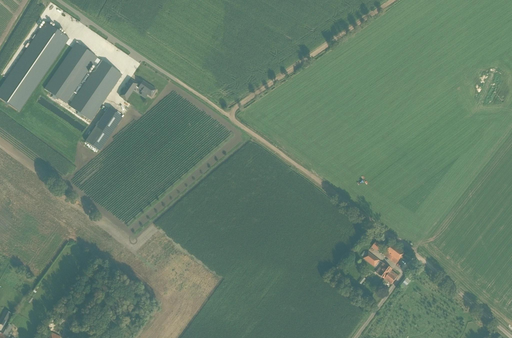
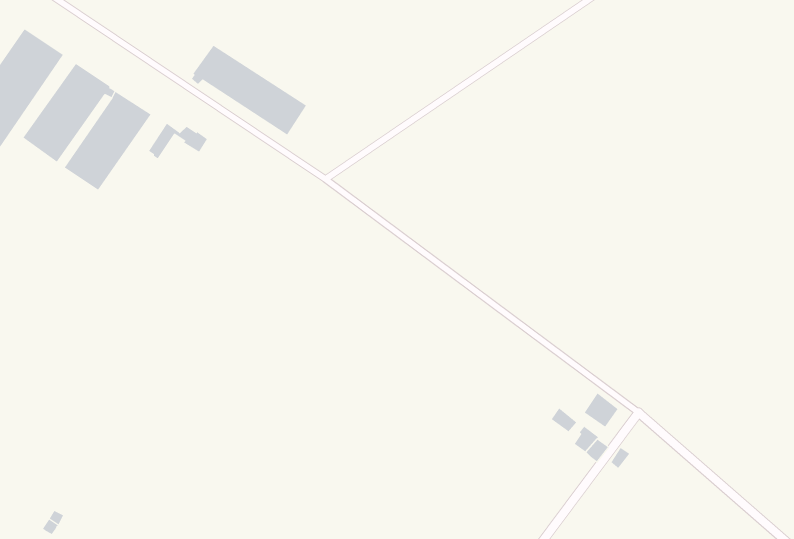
building: none -> [191,45,307,135]
building: [85,107,122,150] -> none

